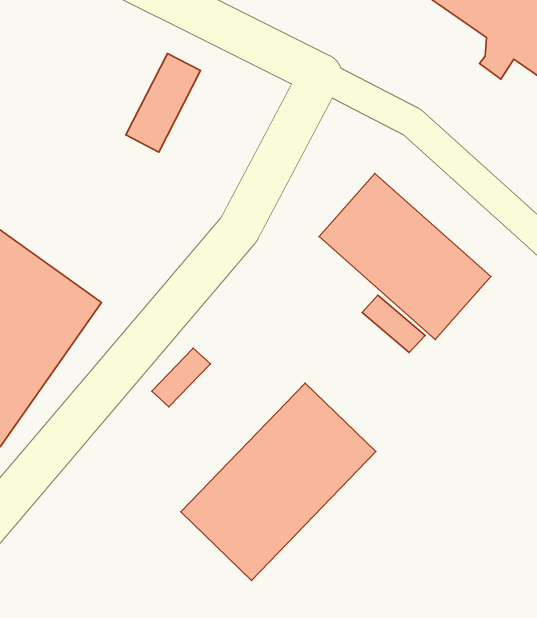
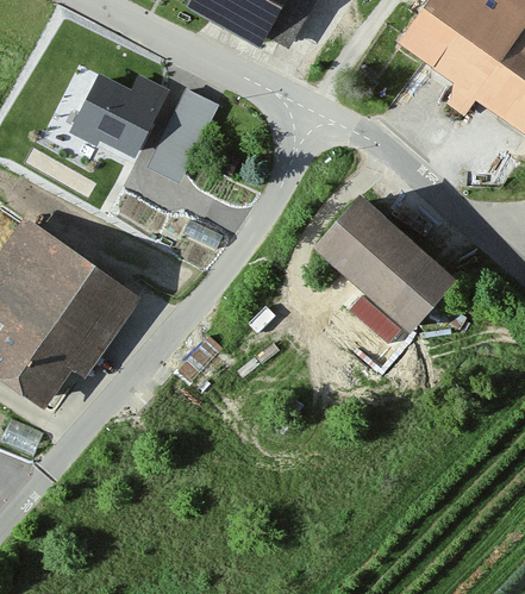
building: none -> [71,77,164,150]
building: [181,383,376,580] -> none

